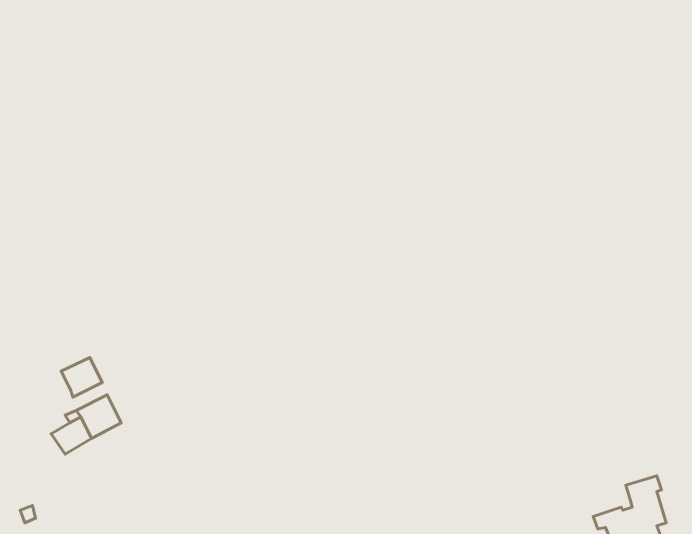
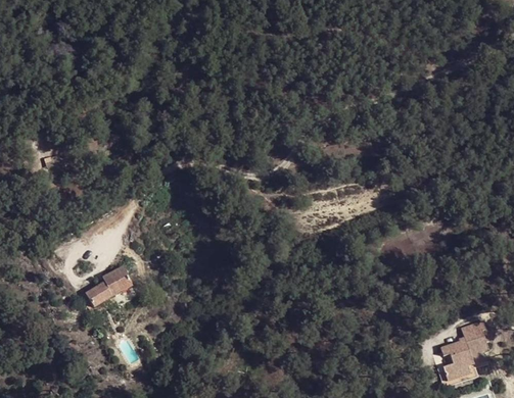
building: [61,358,102,397] -> none

